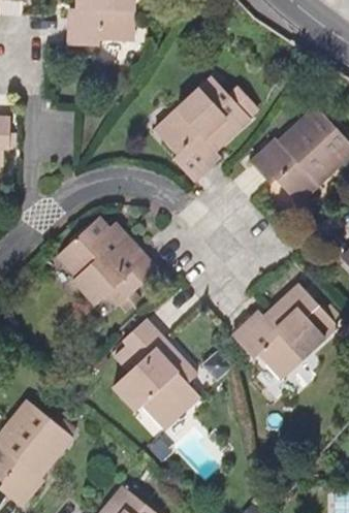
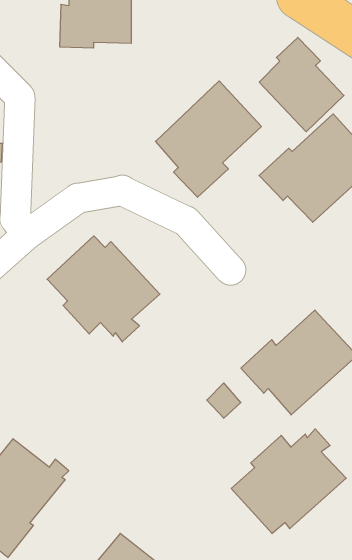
building: none -> [259,37,344,132]
building: [113,317,200,429] -> none
building: none -> [231,429,346,534]

